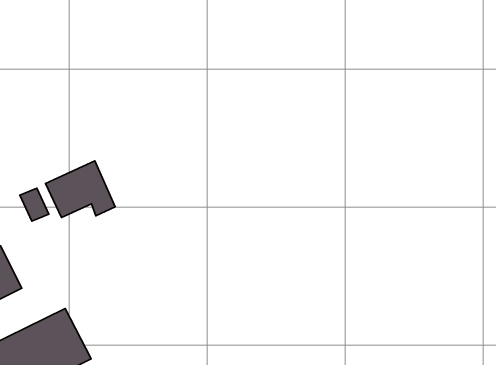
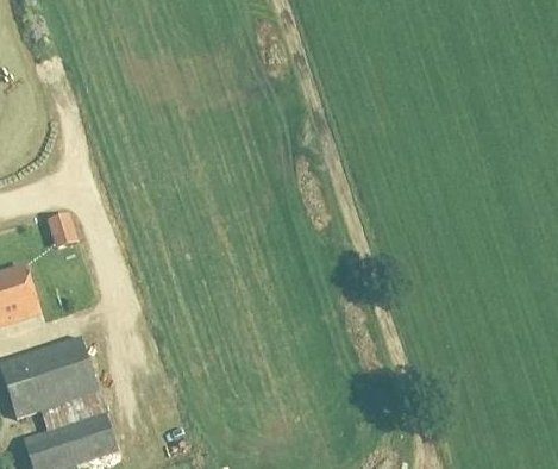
building: [45,161,115,217] -> none

